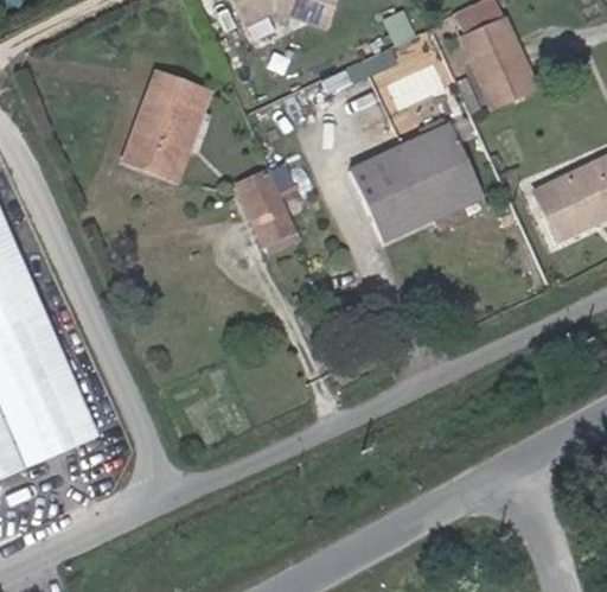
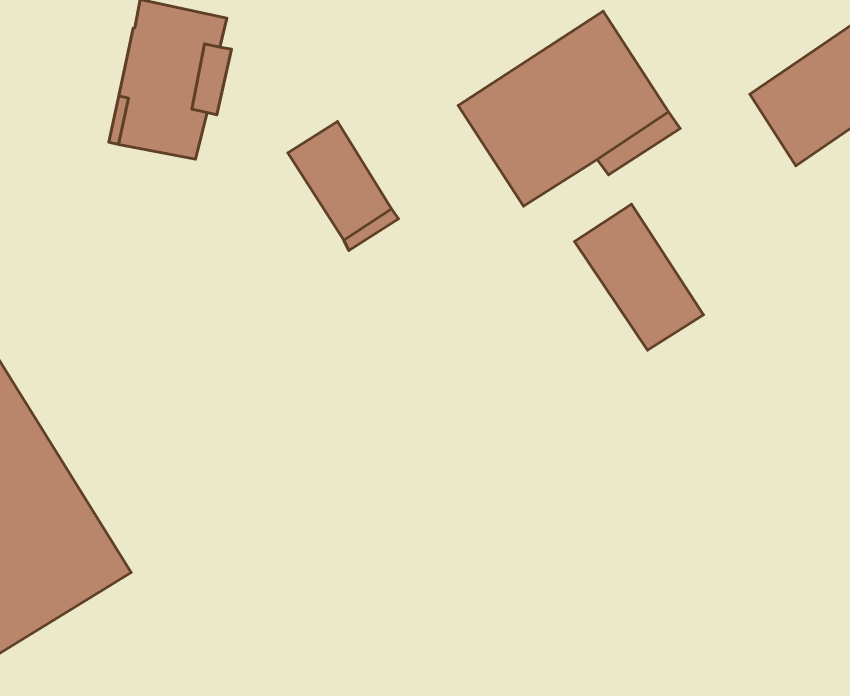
building: none -> [574,204,703,350]

